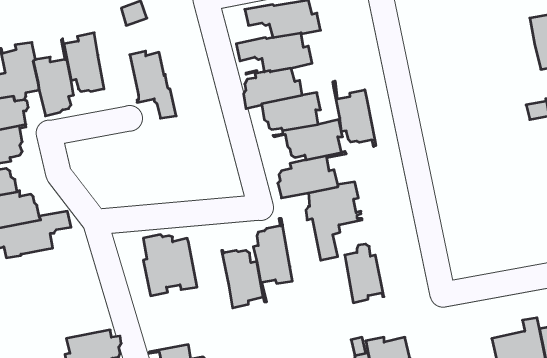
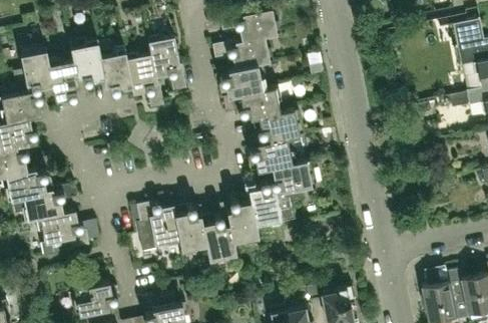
building: none -> [146,34,185,90]
building: none -> [99,45,132,93]
building: [333,81,376,147] -> none
building: none -> [173,205,206,253]
building: [345,244,384,303] -> [250,180,282,228]
building: none -> [36,210,88,257]

